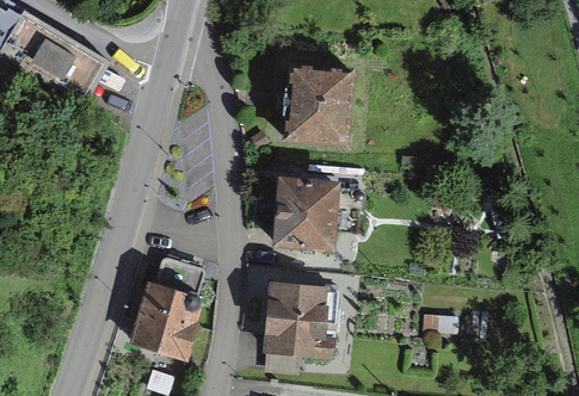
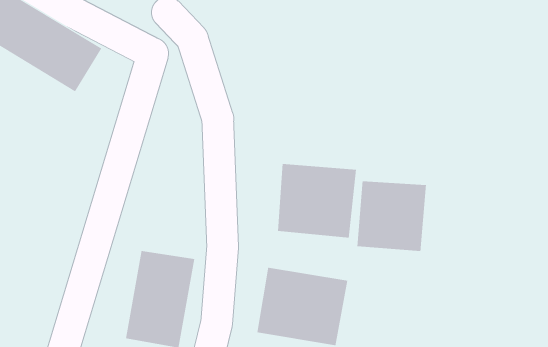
building: [276,61,365,147] -> none
building: none -> [357,180,427,252]

